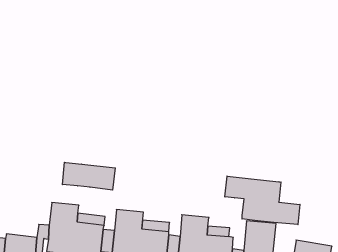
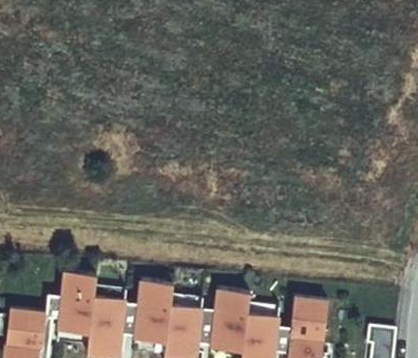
building: [62,162,115,190] -> none
building: [225,176,300,225] -> none

